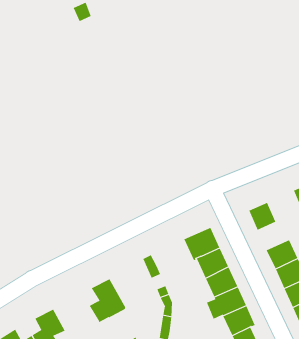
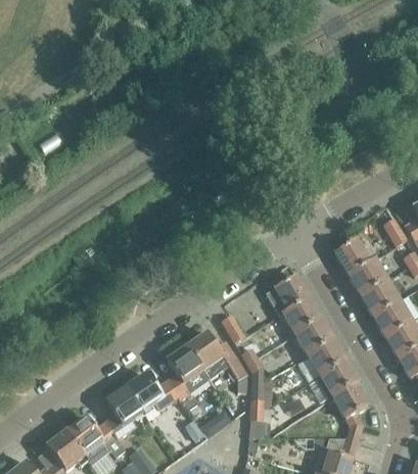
building: none -> [347,257,385,294]
building: none -> [186,332,245,391]
building: none -> [126,374,178,412]

